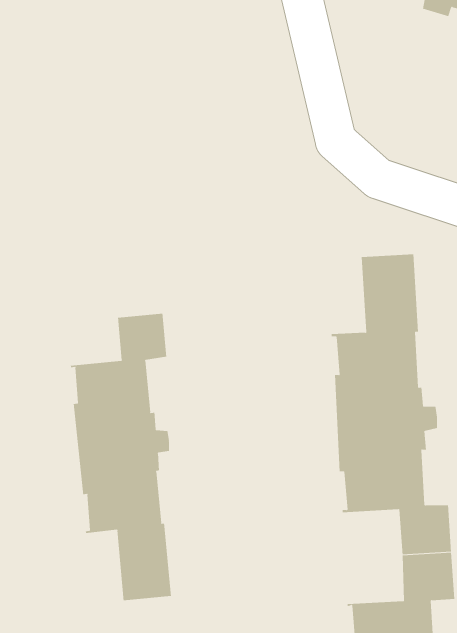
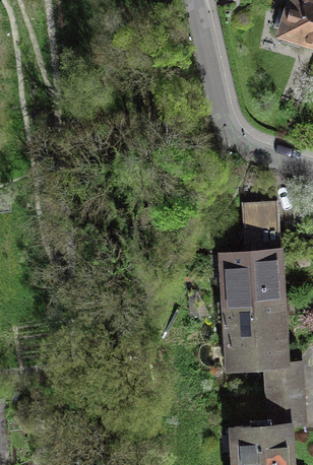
building: [70,313,171,601] -> none

